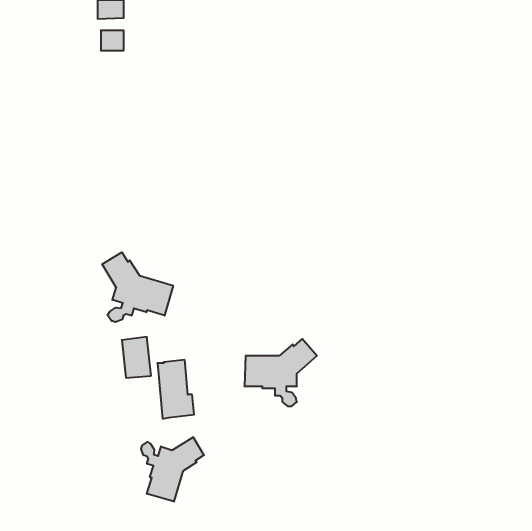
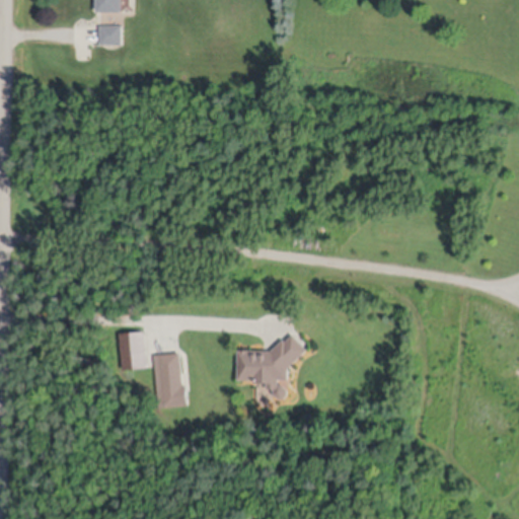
building: [102,252,173,322] -> none
building: [141,437,204,502] -> none

